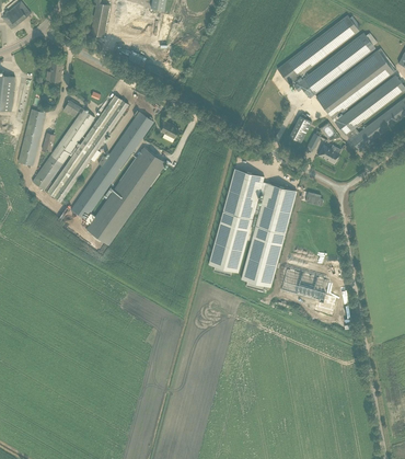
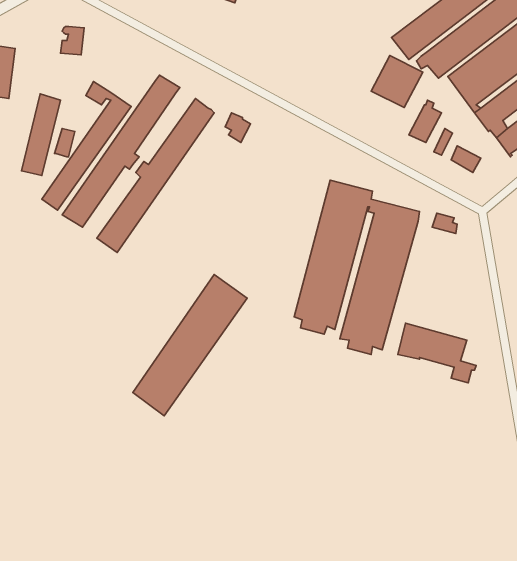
building: none -> [371,56,423,108]
building: [85,146,165,244] -> [133,275,247,416]

